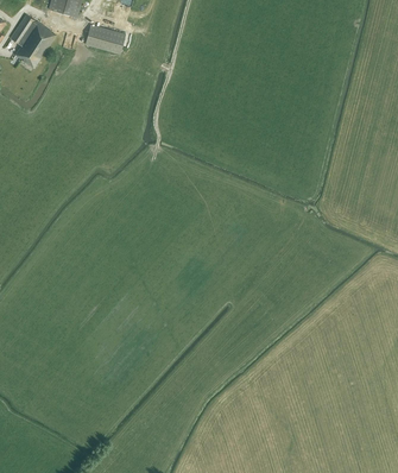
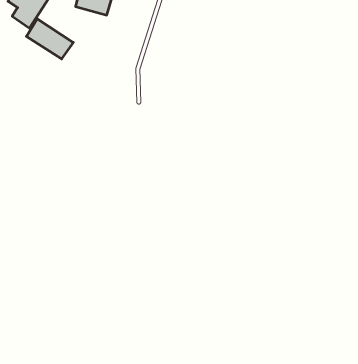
building: none -> [26,19,73,59]

